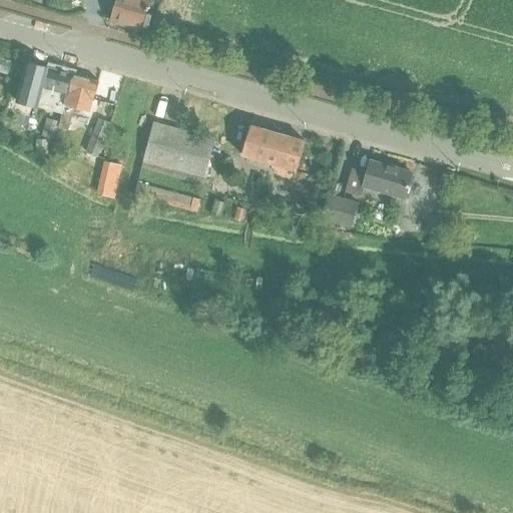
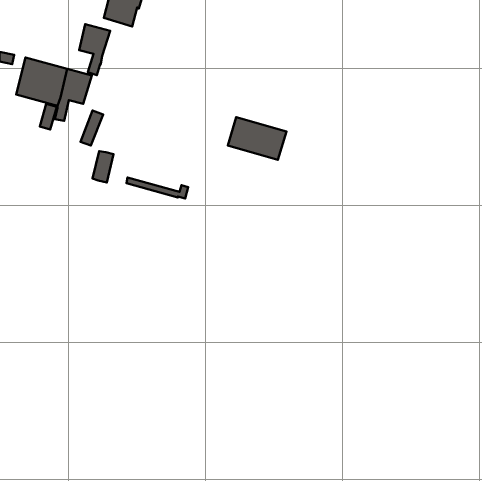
building: none -> [79,24,110,75]
building: [142,128,211,174] -> none
building: [346,160,413,196] -> none
building: [320,193,358,227] -> none

